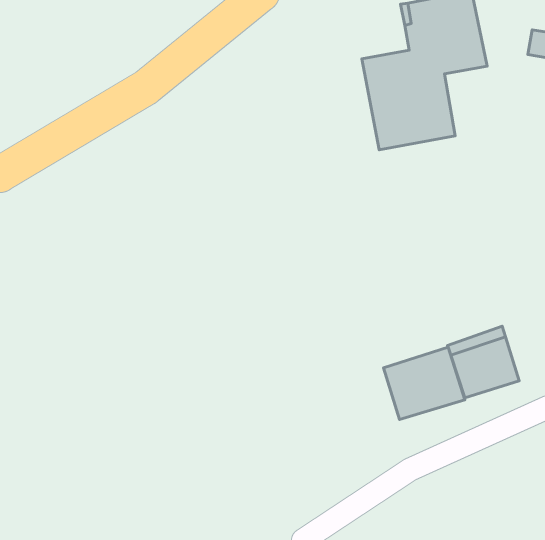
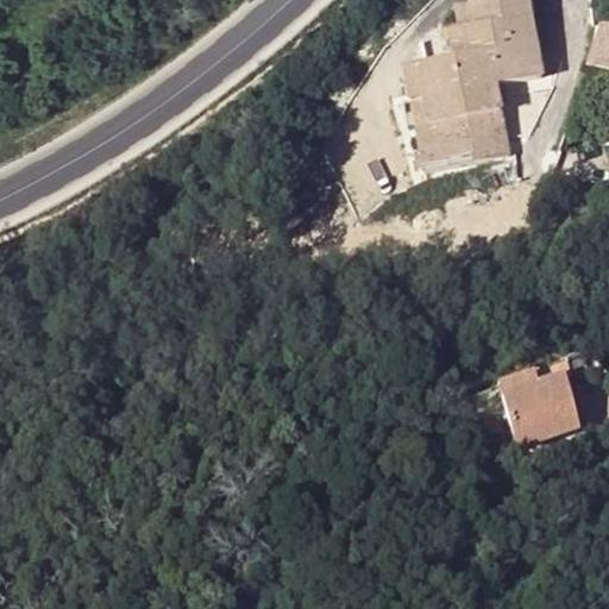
building: [383,347,465,419] -> none

